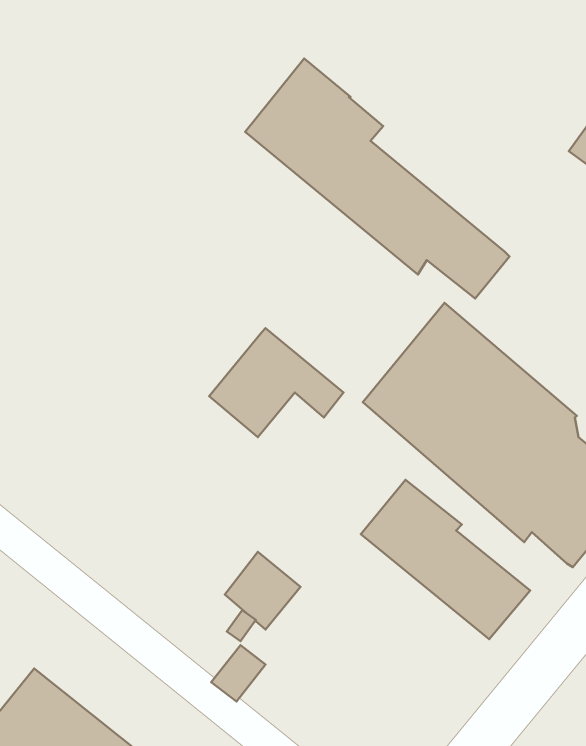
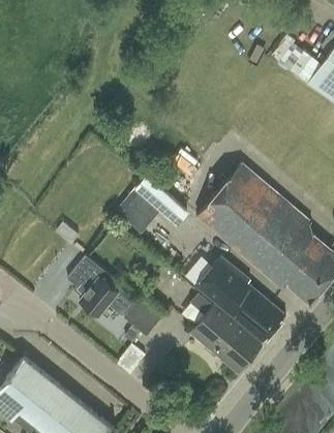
building: [245,58,510,298] -> none
building: none -> [66,256,135,316]
building: none -> [190,292,262,372]

